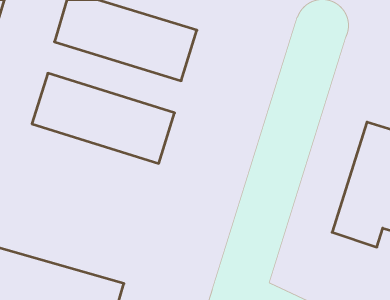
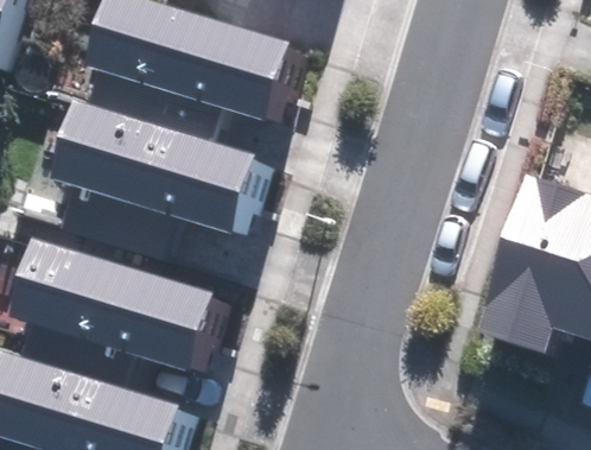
building: none -> [13,240,217,369]

